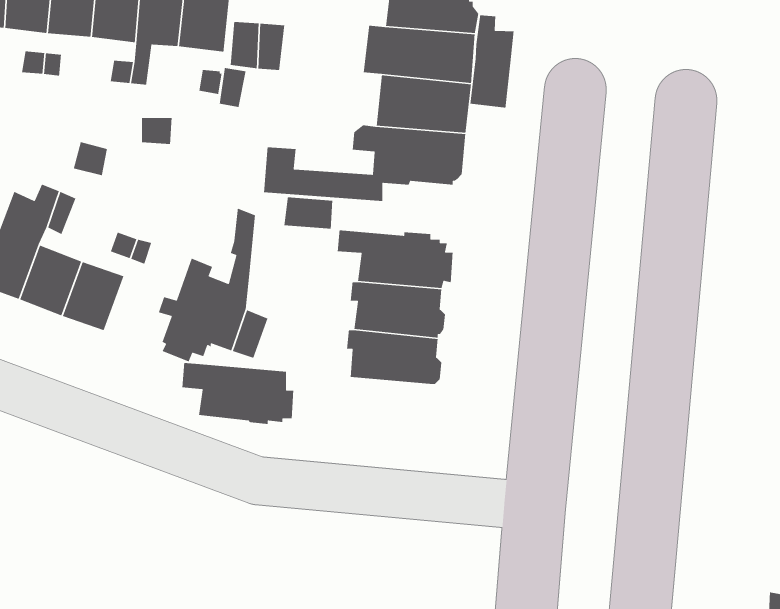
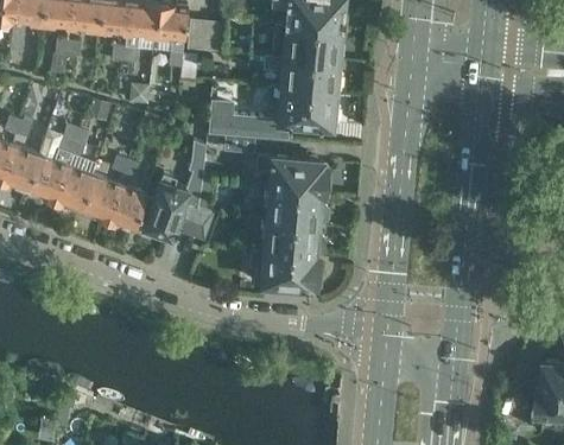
building: [470,14,515,109] -> none
building: none -> [106,184,145,229]
building: [182,362,294,425] -> [249,248,322,288]

